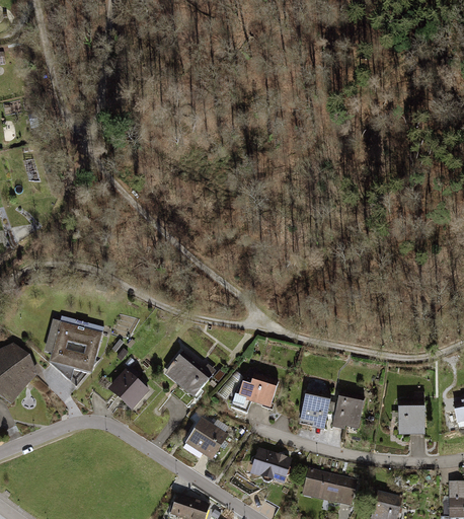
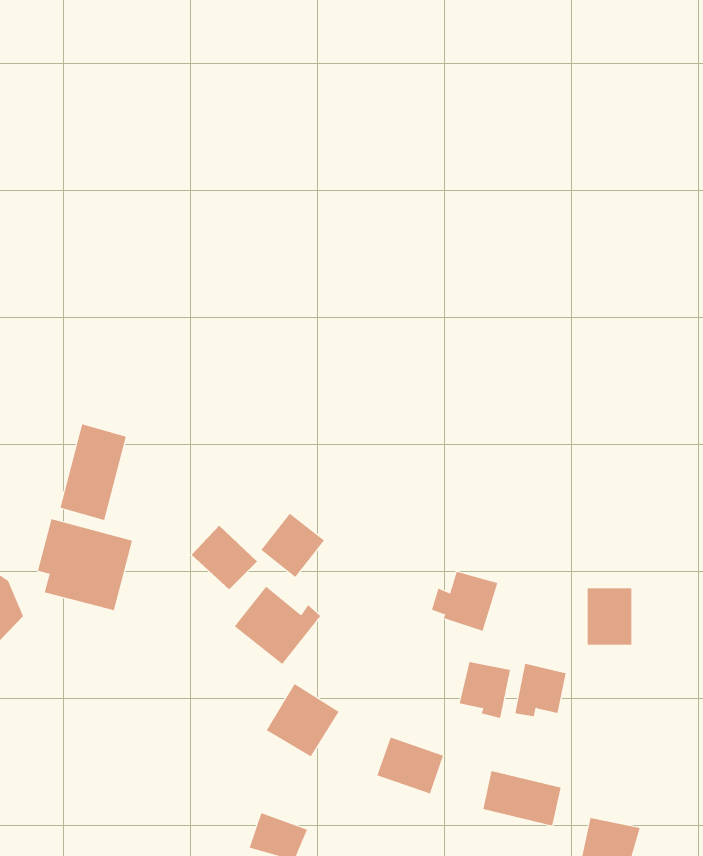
building: none -> [60,424,127,521]
building: none -> [260,513,325,578]
building: [108,368,149,407] -> [191,525,258,590]
building: [238,376,279,413] -> [431,571,498,632]
building: [398,404,426,439] -> [587,588,632,645]

